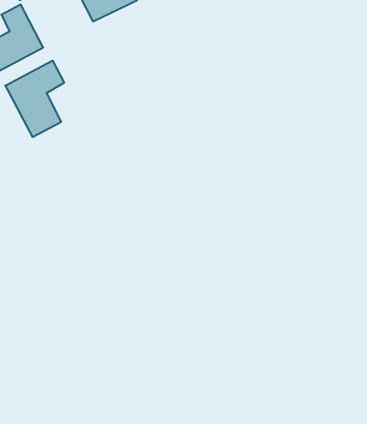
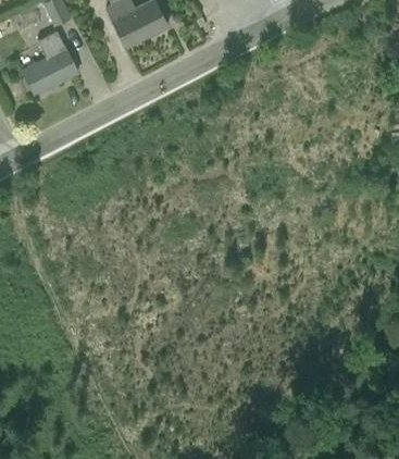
building: [5,61,64,137] -> none

